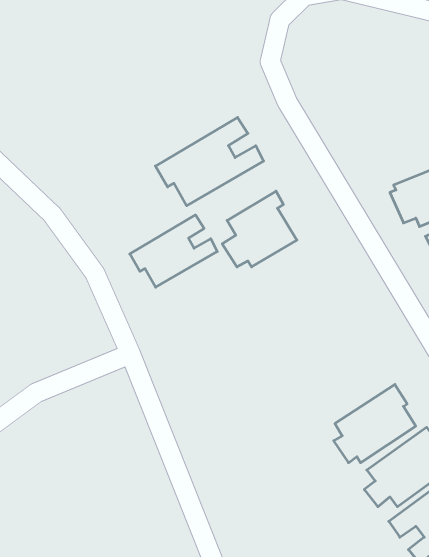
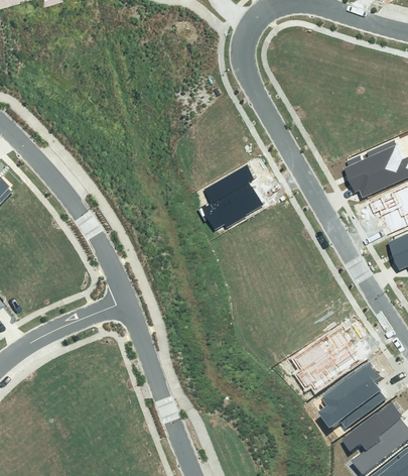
building: [155,117,264,206] -> none
building: [130,215,217,287] -> none

